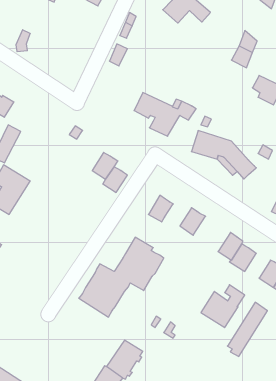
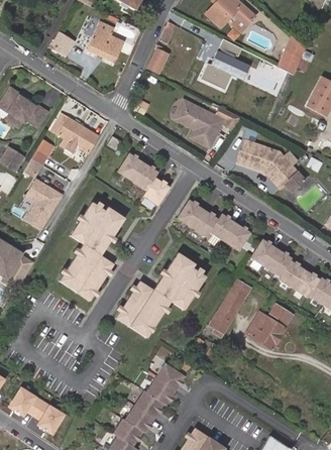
building: none -> [88,19,125,61]
building: none -> [202,45,249,86]
building: none -> [51,113,98,151]
building: none -> [116,153,143,183]
building: none -> [176,200,203,229]
building: none -> [60,204,124,303]
building: none -> [208,212,236,241]
building: none -> [250,239,278,268]
building: none -> [293,270,319,299]
building: [227,302,267,356] -> [209,278,251,336]

